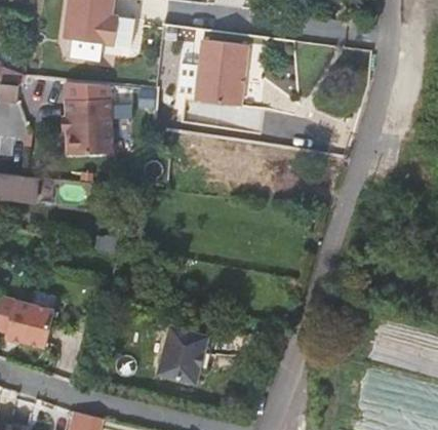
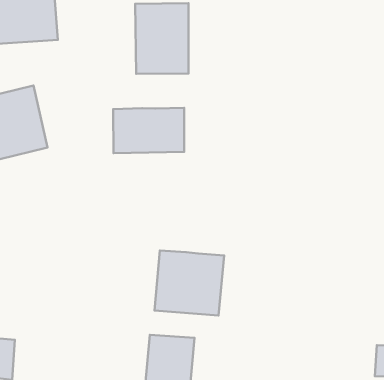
building: none -> [113,108,184,153]
building: none -> [154,250,224,316]

